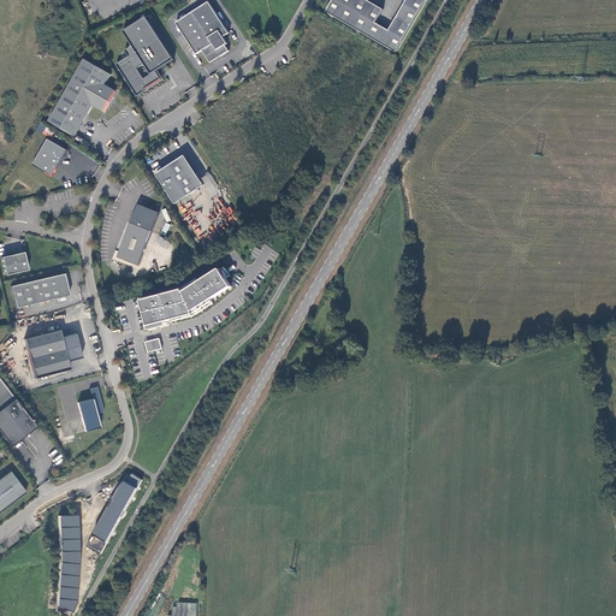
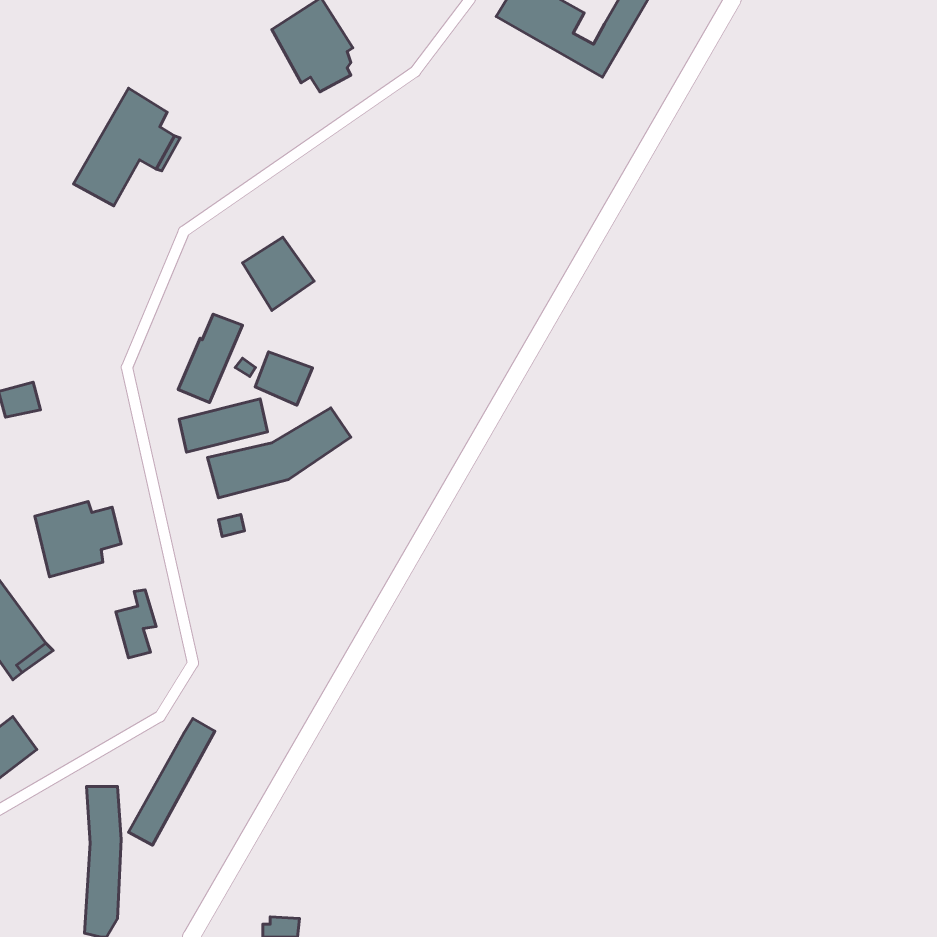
building: [117,16,176,94] -> none
building: [31,137,67,176] -> none
building: none -> [255,352,313,405]
building: [10,272,67,307] -> [179,399,267,452]

